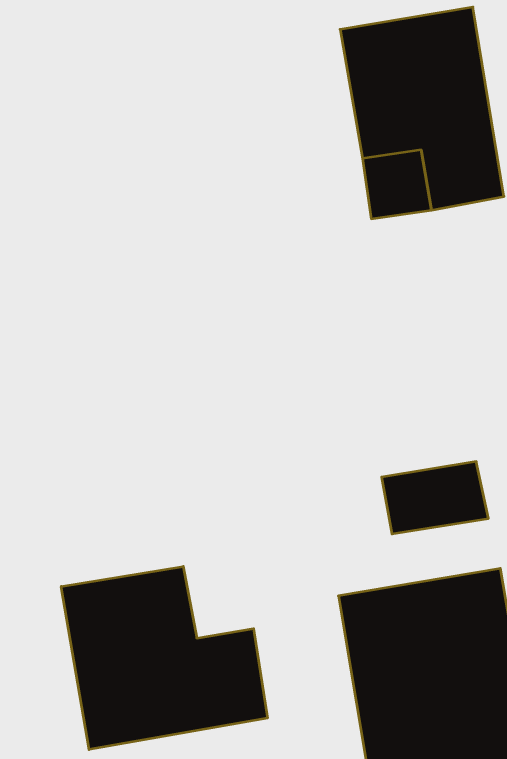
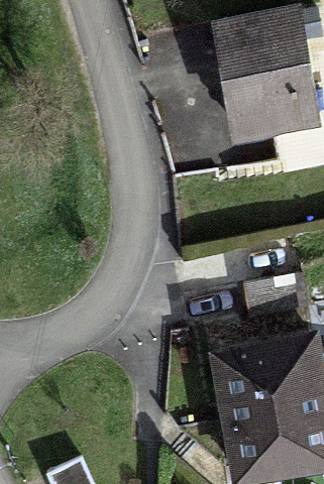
building: [61,566,267,750] -> none

